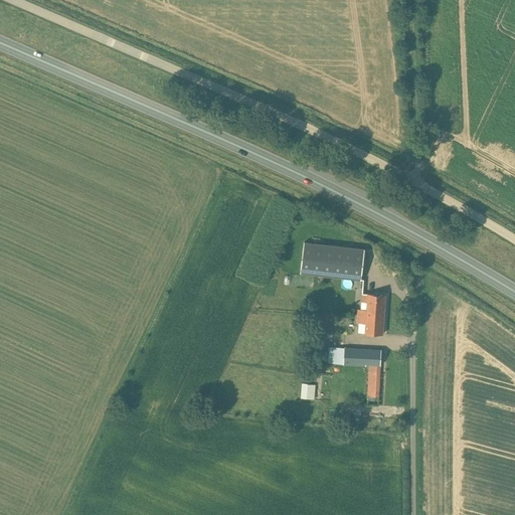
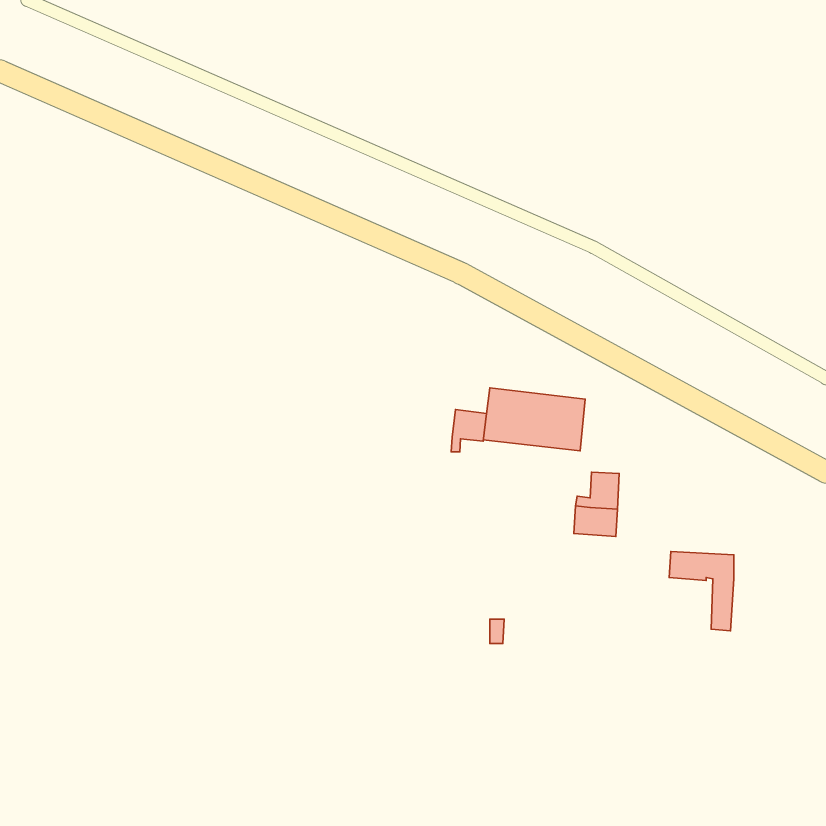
building: none -> [451,410,486,452]
building: [341,348,381,397] -> [669,551,734,631]

